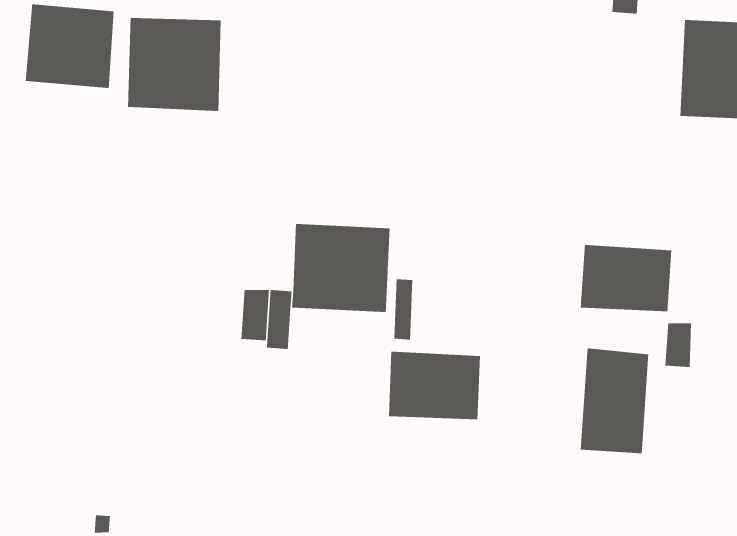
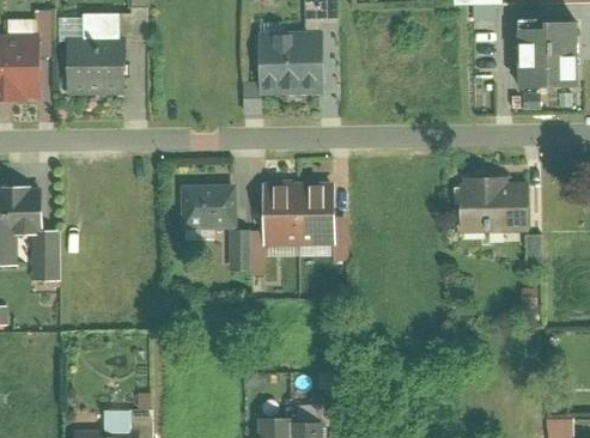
building: [127,17,222,112] -> [262,32,328,97]
building: none -> [181,182,232,223]
building: [580,348,649,454] -> none
building: [388,351,481,420] -> none

